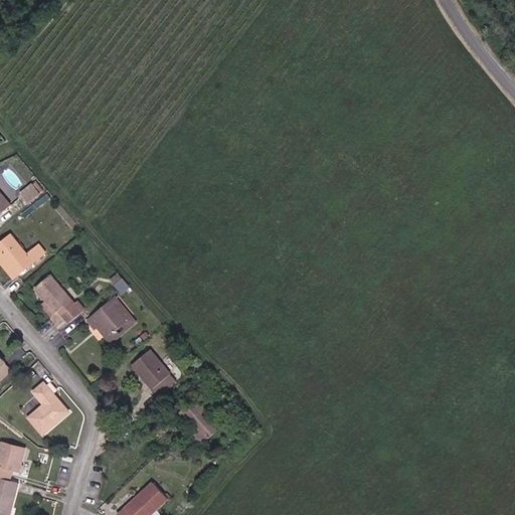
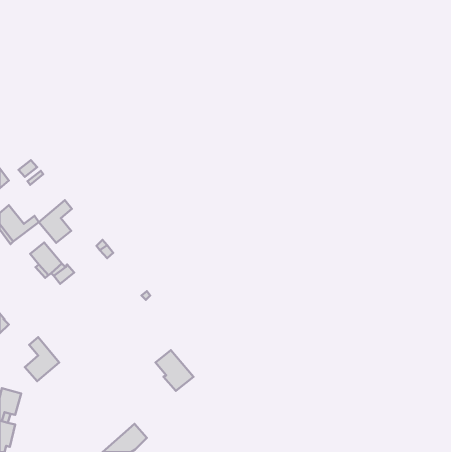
building: none -> [39,200,72,243]
building: [88,298,135,343] -> none
building: [131,349,175,395] -> none

